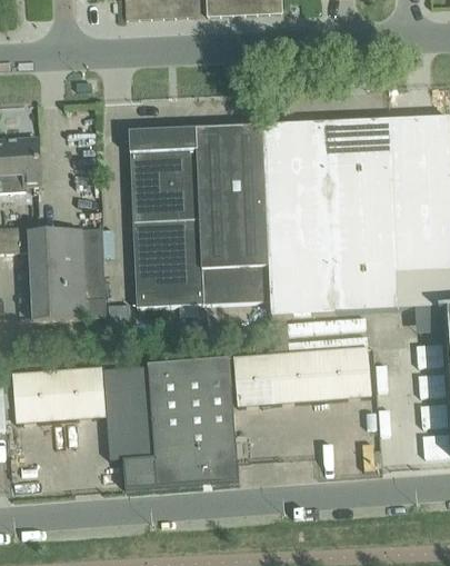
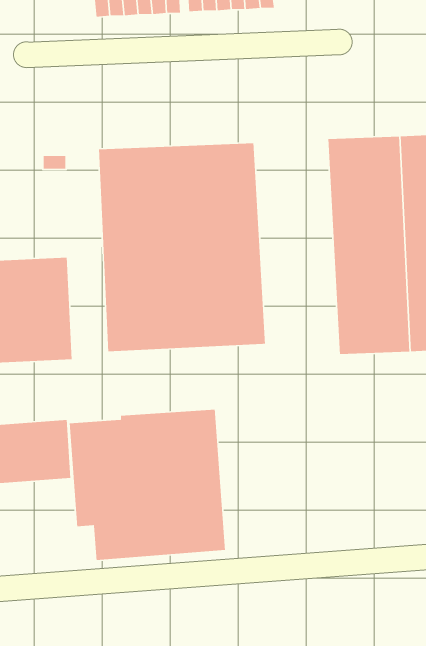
building: [263,122,337,312] -> none
building: [234,346,372,406] -> none

